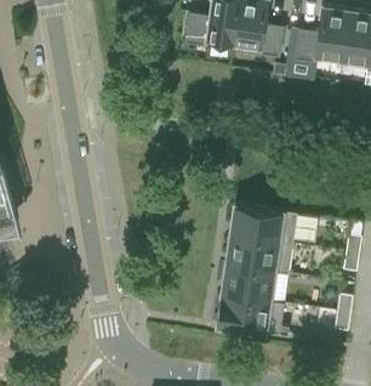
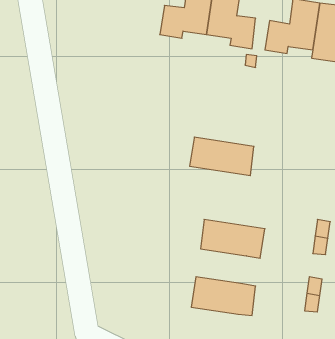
building: [229,210,296,250] -> [190,137,254,176]
building: [221,271,273,307] -> none

